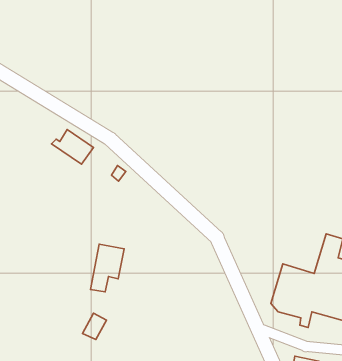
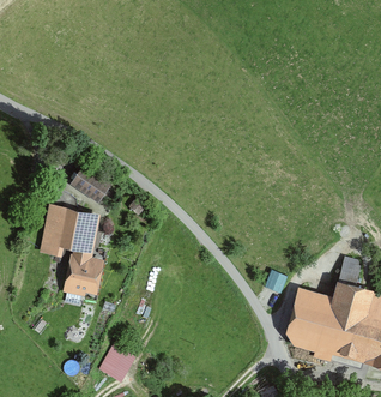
building: none -> [42,209,92,255]
building: [91,244,124,292] -> [65,257,98,305]

